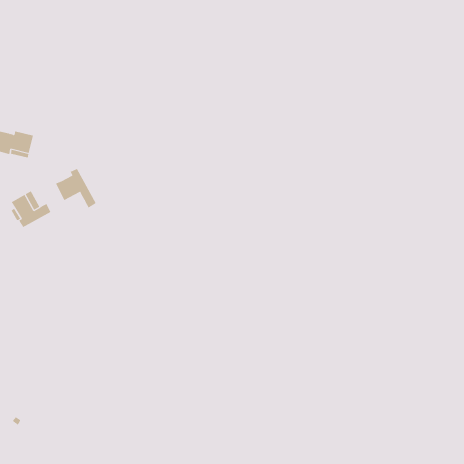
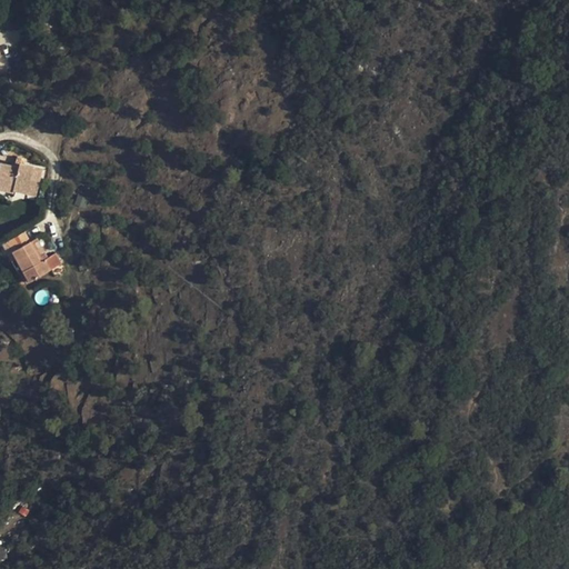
building: [55,168,97,209] -> none

